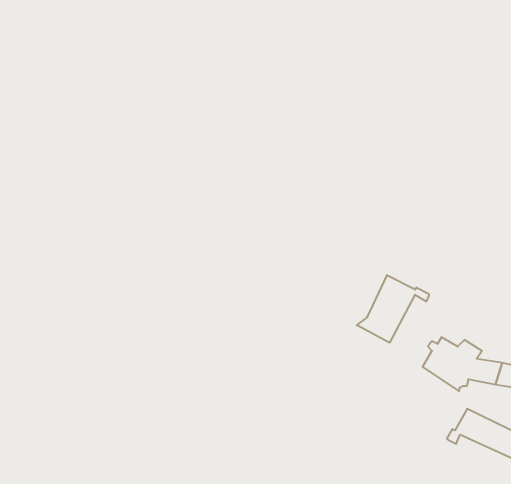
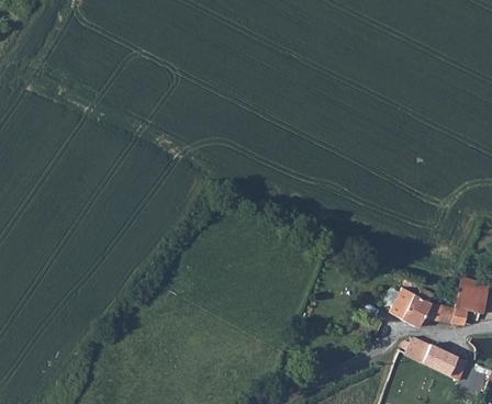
building: [357,275,429,343] -> none

